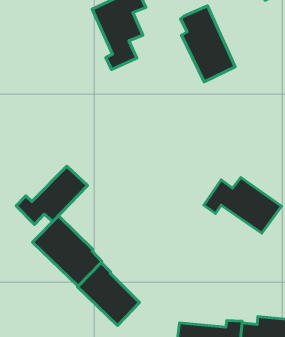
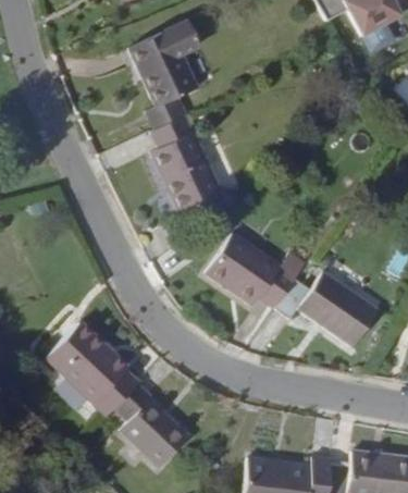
building: [181,6,235,82] -> [151,114,224,215]
building: none -> [209,232,311,309]
building: [16,166,88,224] -> none

